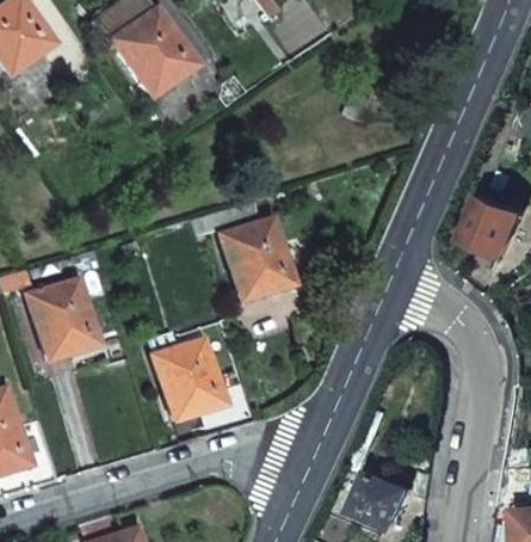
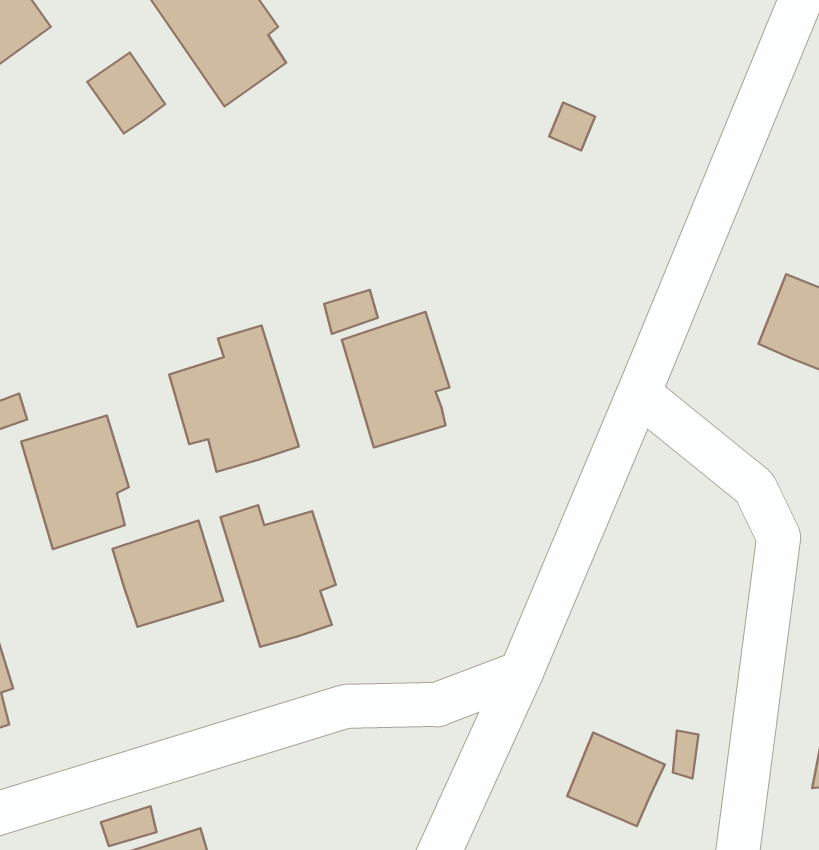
building: none -> [87,52,165,133]
building: none -> [169,325,299,472]
building: none -> [113,520,223,627]

